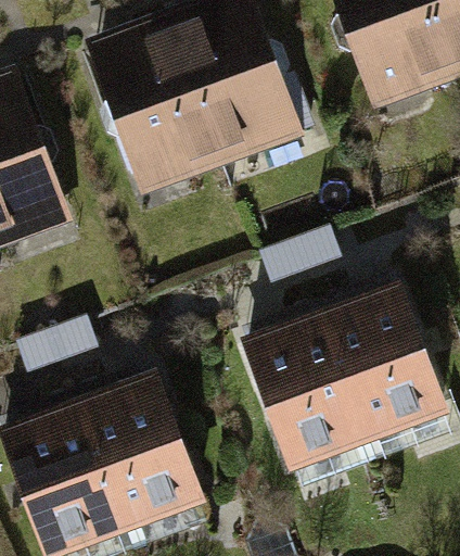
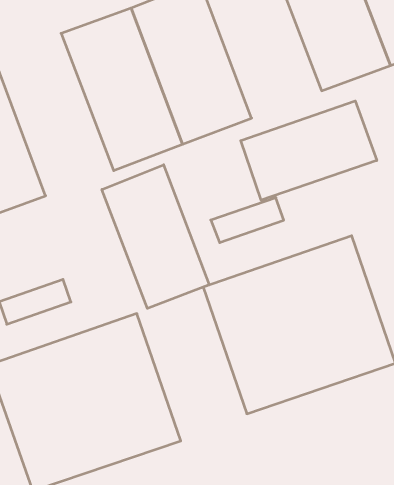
building: none -> [241,101,377,200]
building: none -> [102,165,209,308]

